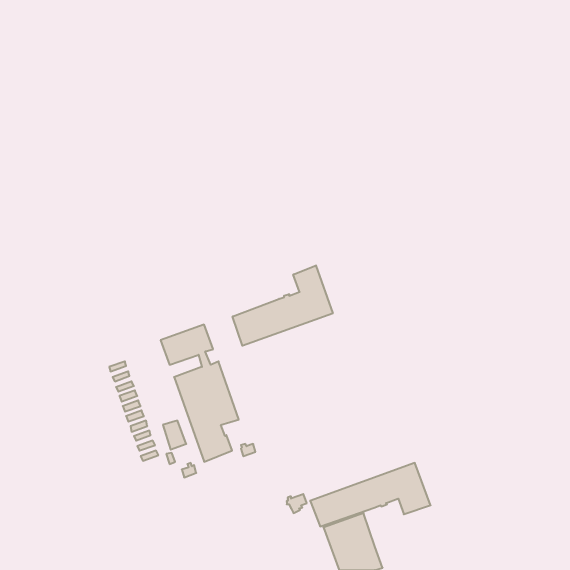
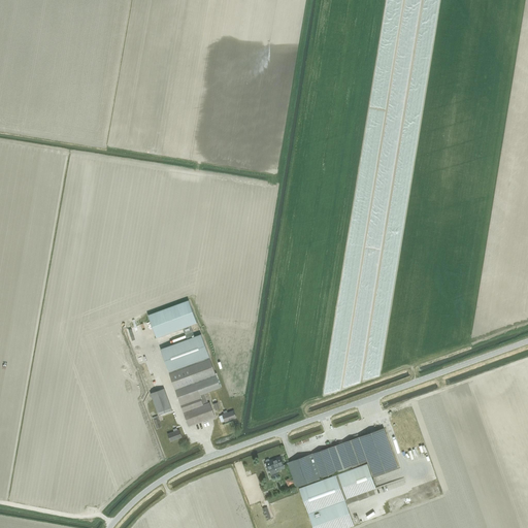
building: [233,265,333,346] -> none
building: none -> [338,463,376,500]

